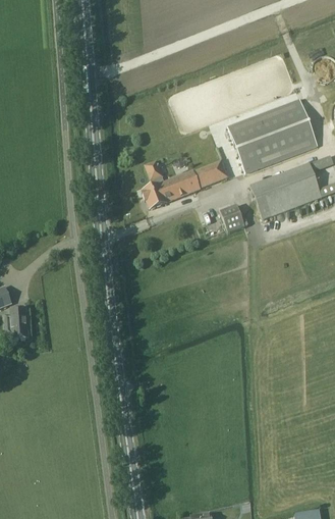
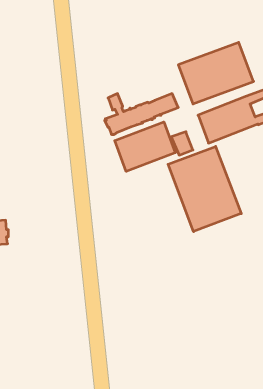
building: none -> [115,122,175,171]
building: none -> [168,146,241,232]

